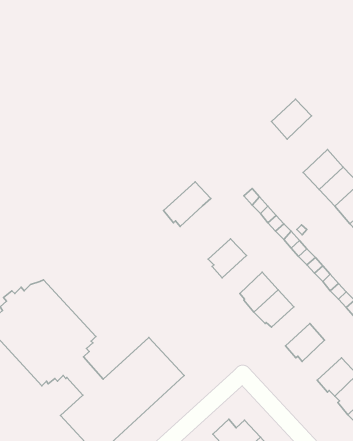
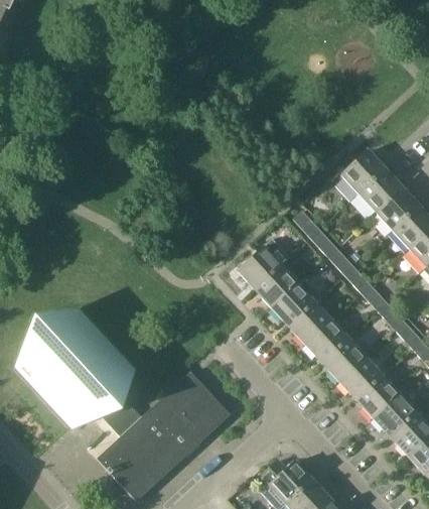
building: [271,99,311,139] -> [341,150,385,194]
building: [163,182,211,226] -> [238,239,289,287]
building: none -> [271,277,320,325]
building: none -> [324,339,366,381]
building: none -> [358,375,400,418]

